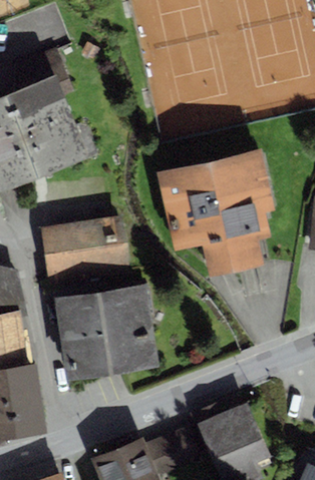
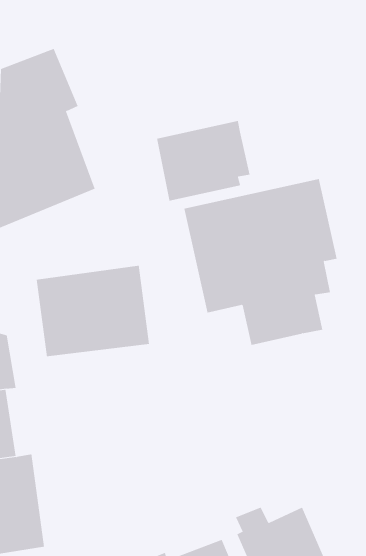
building: none -> [156,120,250,202]
building: [53,284,159,382] -> none

